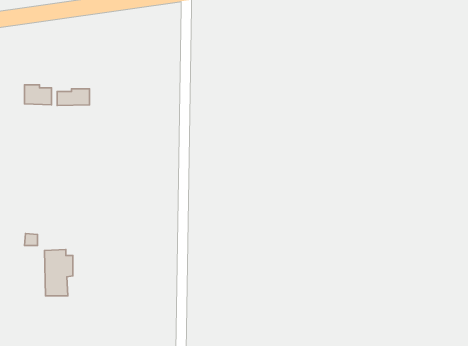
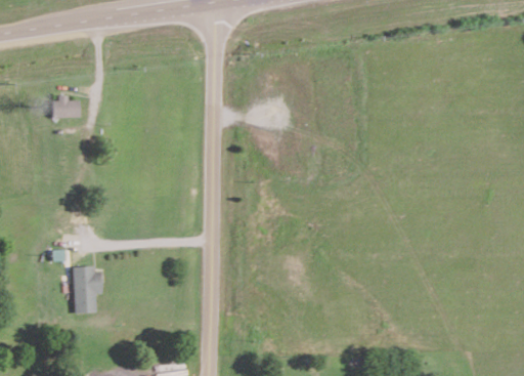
building: [57,89,89,106] -> none

